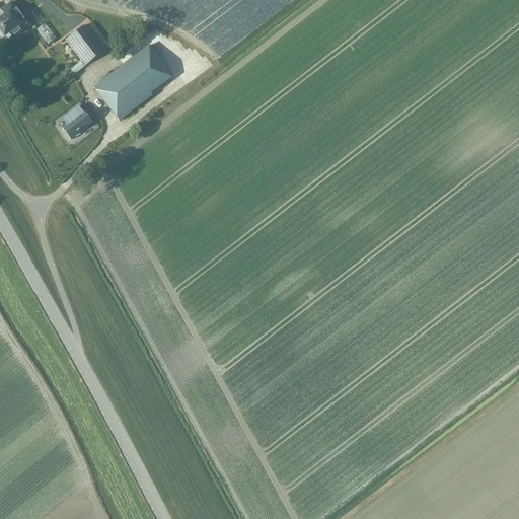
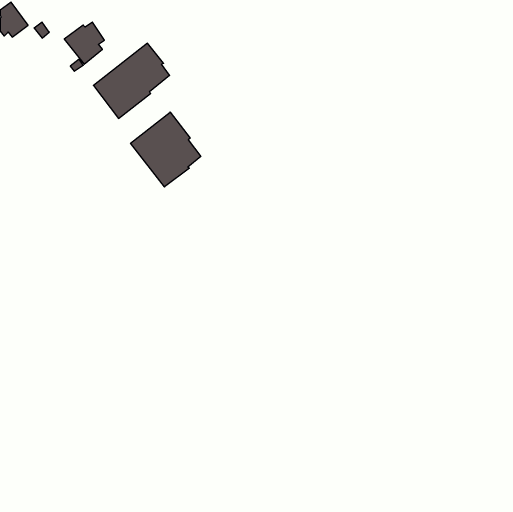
building: [62,105,92,136] -> none
building: none -> [131,112,201,187]

